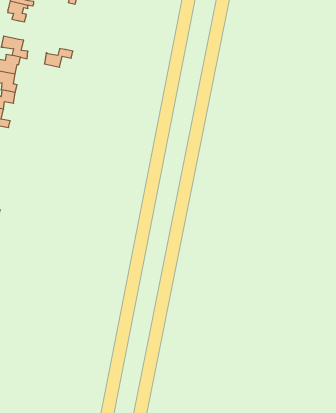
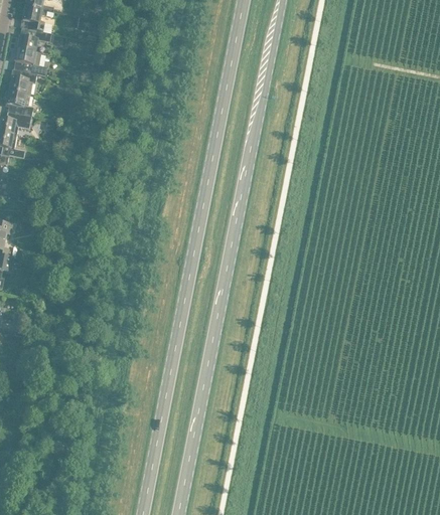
building: [44,49,73,67] -> [16,31,50,53]

